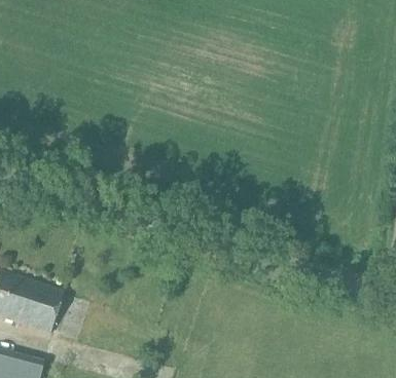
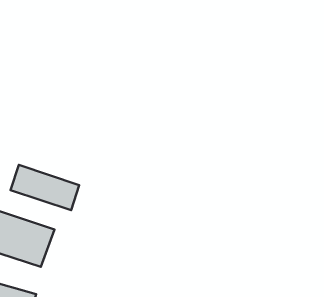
building: none -> [11,165,79,210]

